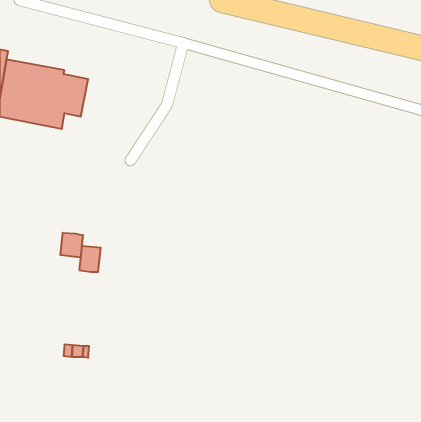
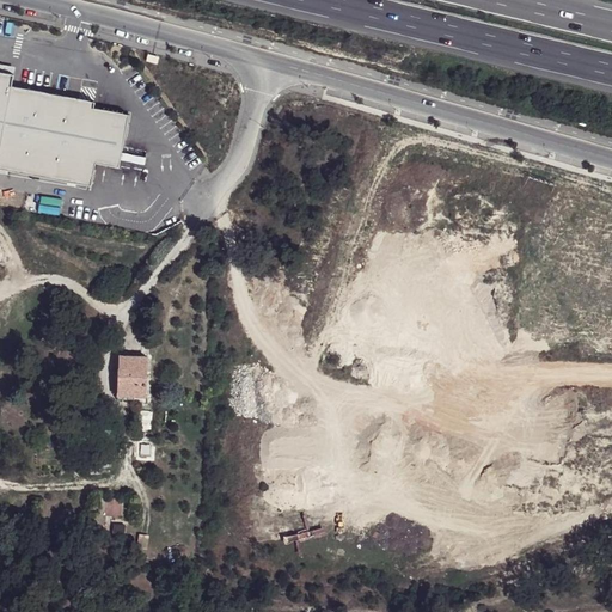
building: [60,233,83,258] -> none

